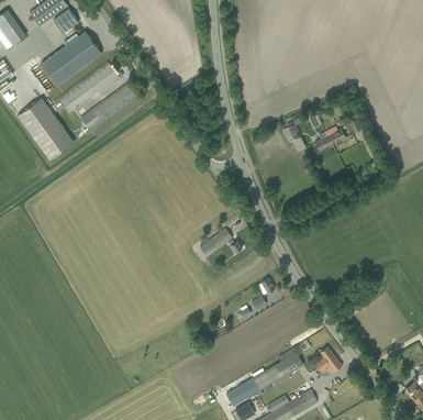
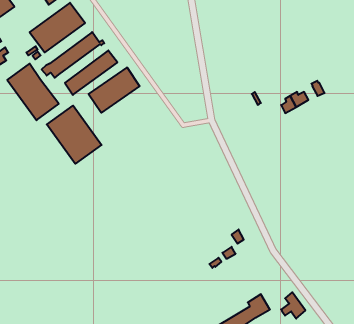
building: none -> [89,67,140,113]
building: none -> [47,106,102,164]
building: [199,228,242,256] -> none

